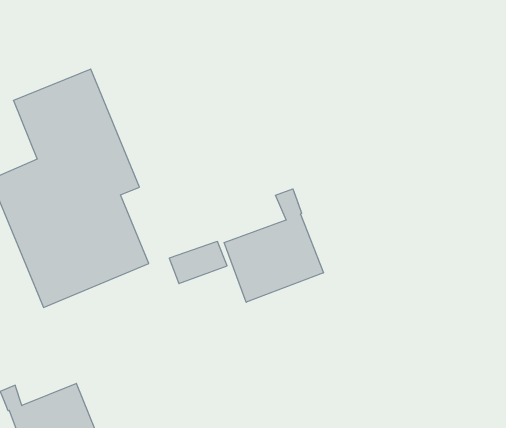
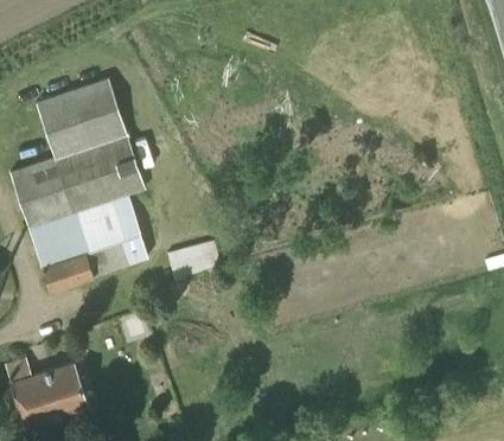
building: [224,189,323,302] -> none

